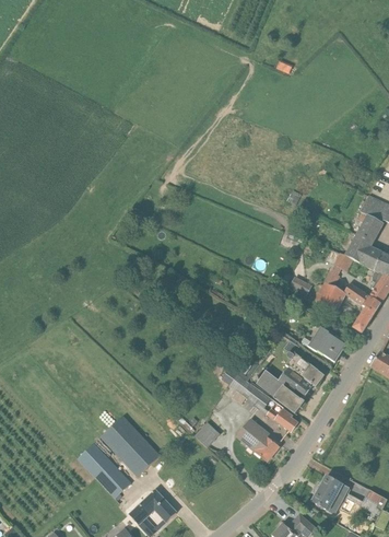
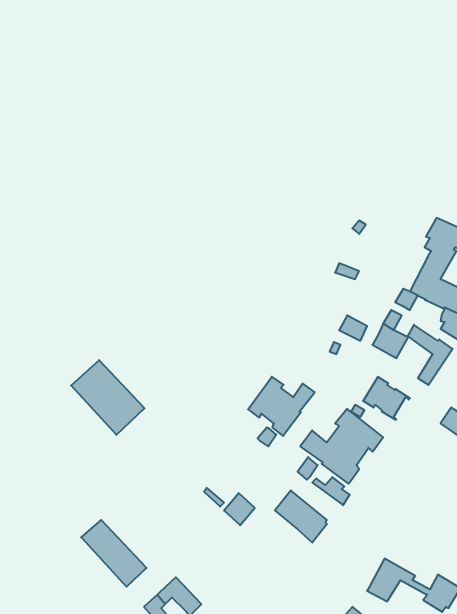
building: none -> [248,377,315,436]
building: [101,416,161,477] -> [71,360,145,435]

